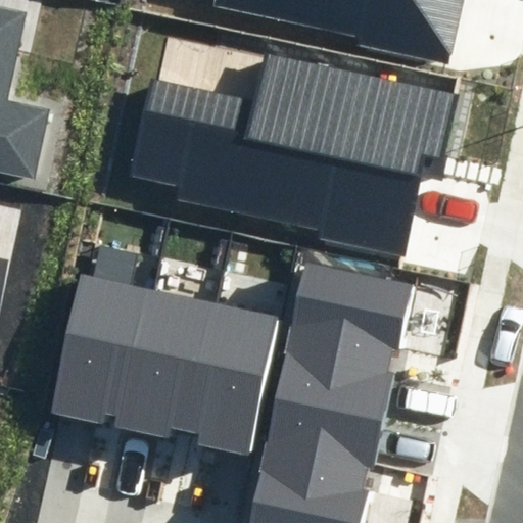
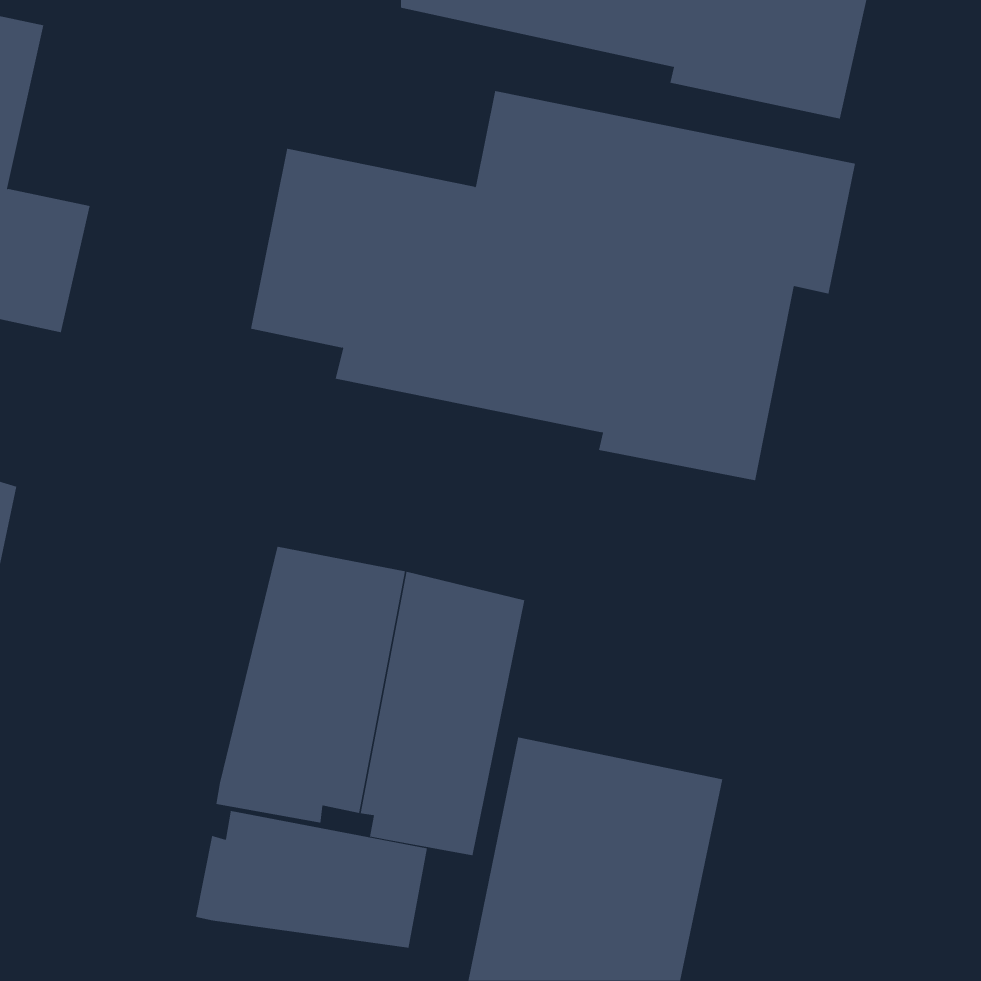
building: [50,246,147,425] -> none
building: [275,262,414,414] -> none
building: none -> [195,810,428,949]

